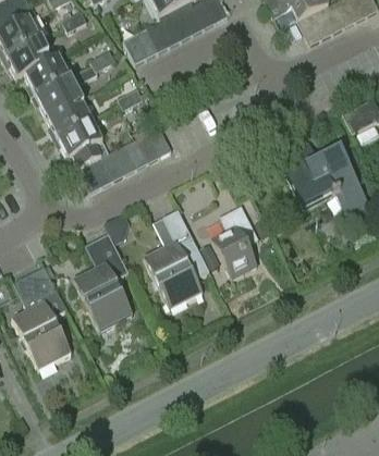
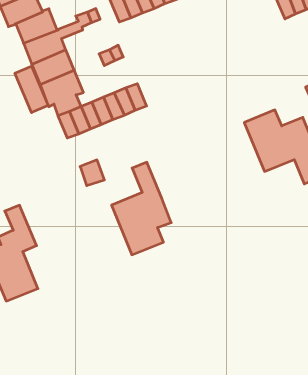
building: none -> [15,66,48,113]
building: [211,206,258,279] -> none
building: [74,234,134,332] -> none

